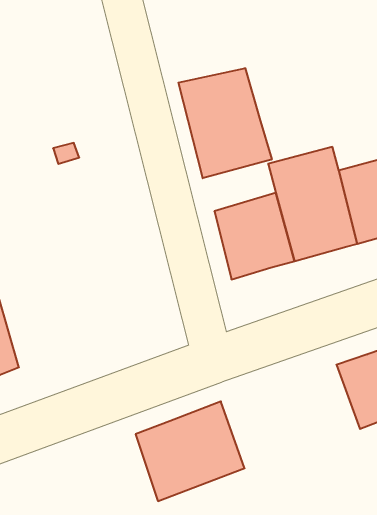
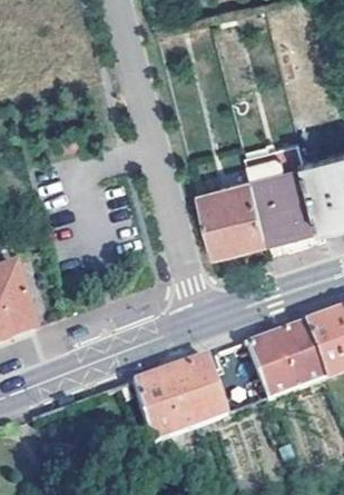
building: [178,68,272,178] -> none
building: none -> [247,324,323,395]

